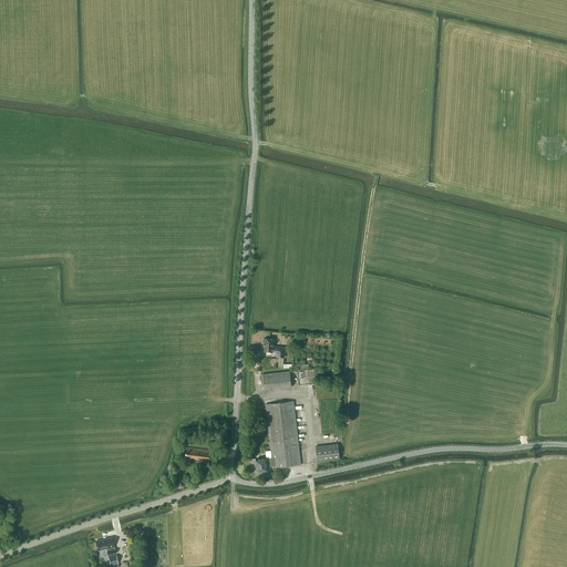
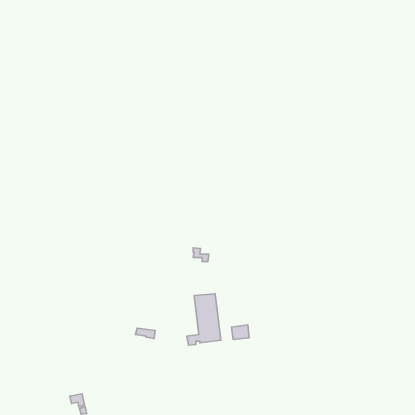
building: [262,371,291,390] -> none

